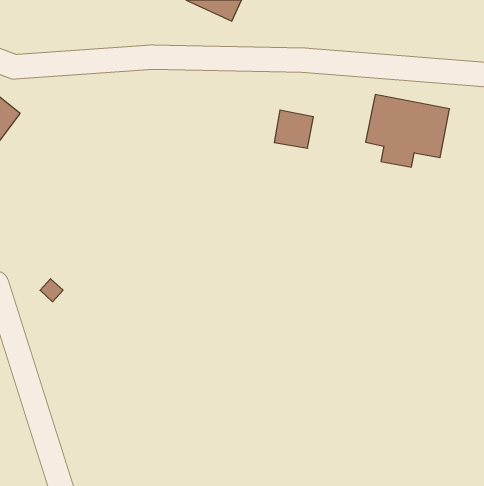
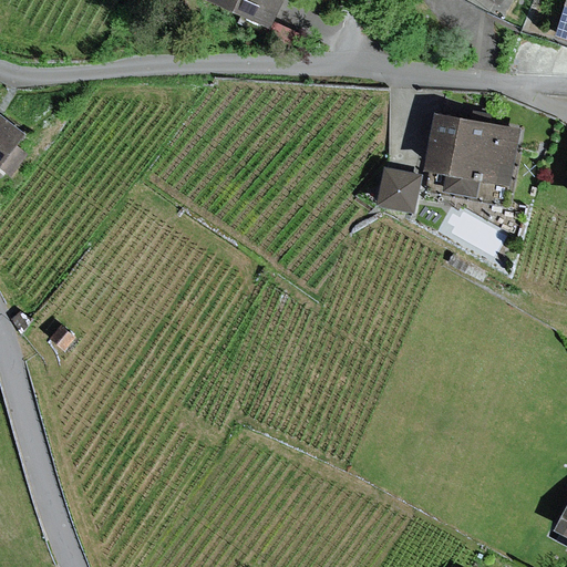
building: [274,110,313,148] -> [375,168,421,213]

